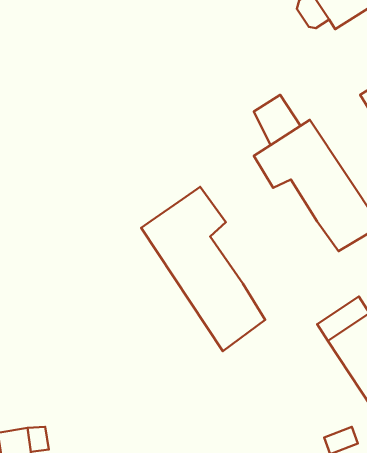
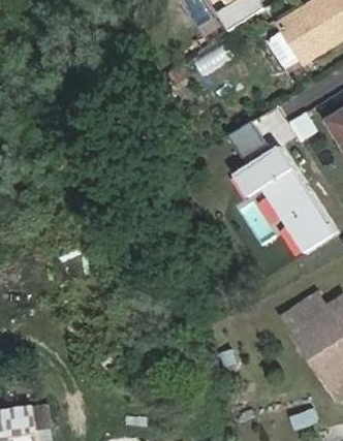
building: [141,187,265,351] -> none

